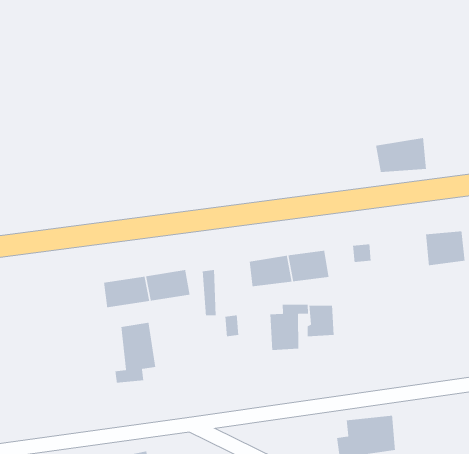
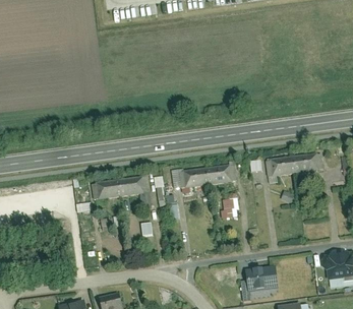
building: [375,137,427,173] -> [264,151,297,174]
building: [269,304,309,351] -> none
building: [115,322,156,384] -> none

